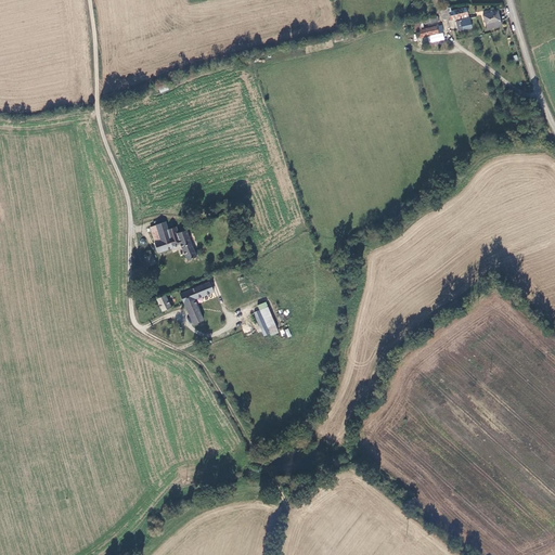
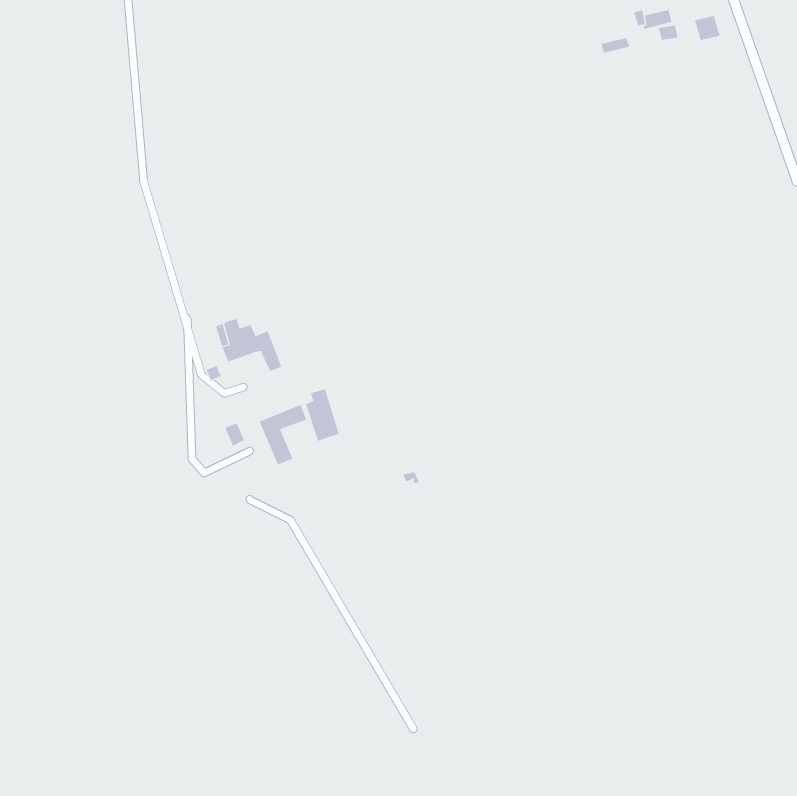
building: [254,300,278,337] -> [305,388,339,442]

